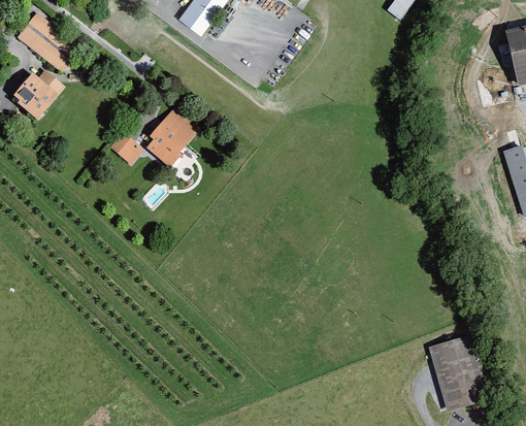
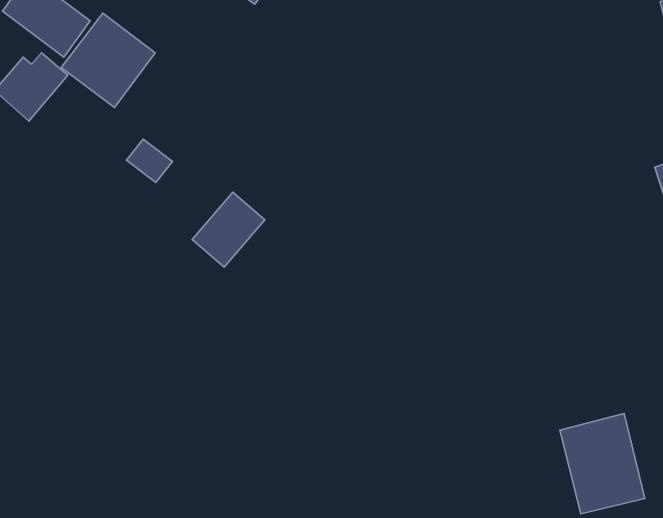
building: none -> [61,13,155,107]
building: [147,108,201,164] -> [192,192,265,267]

